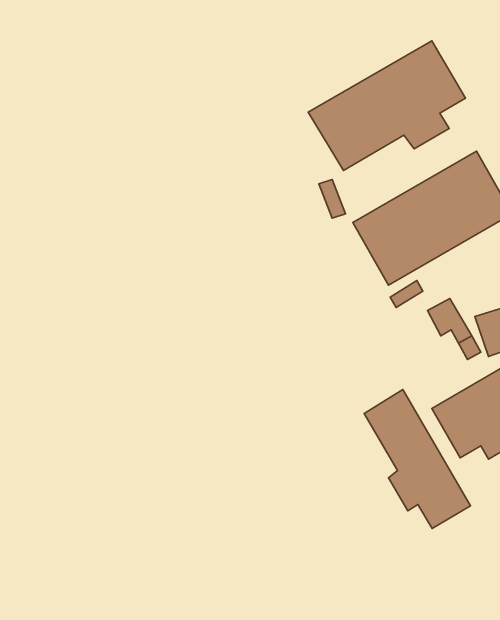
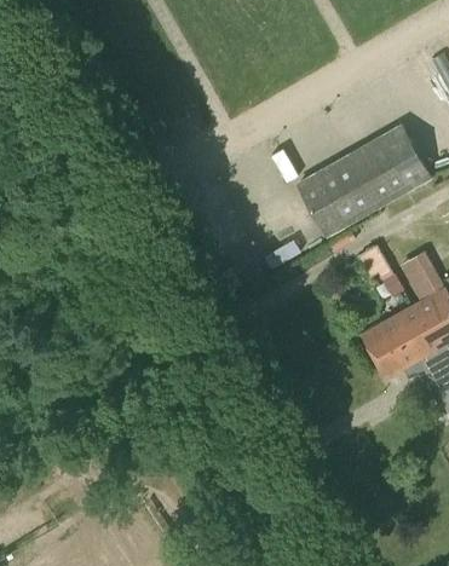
building: [308,41,465,171] -> none
building: [364,389,471,529] -> none

